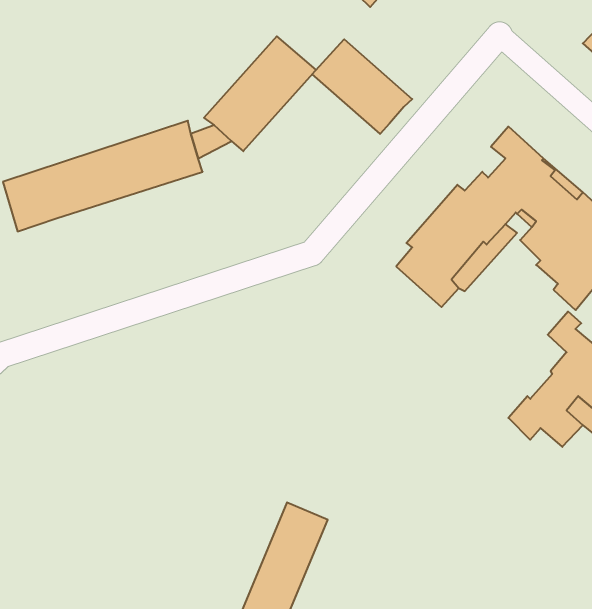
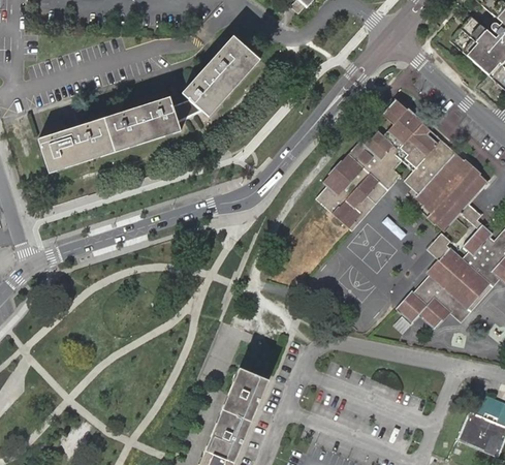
building: [312,39,412,134] -> none

